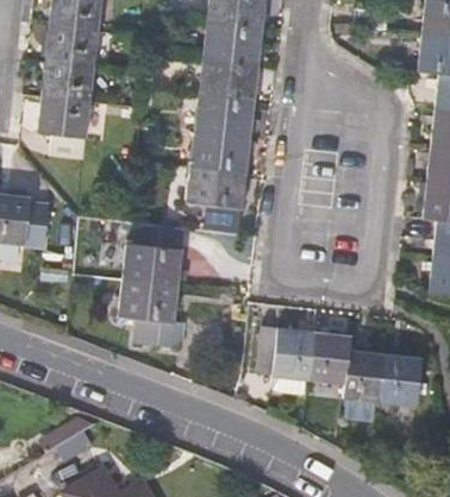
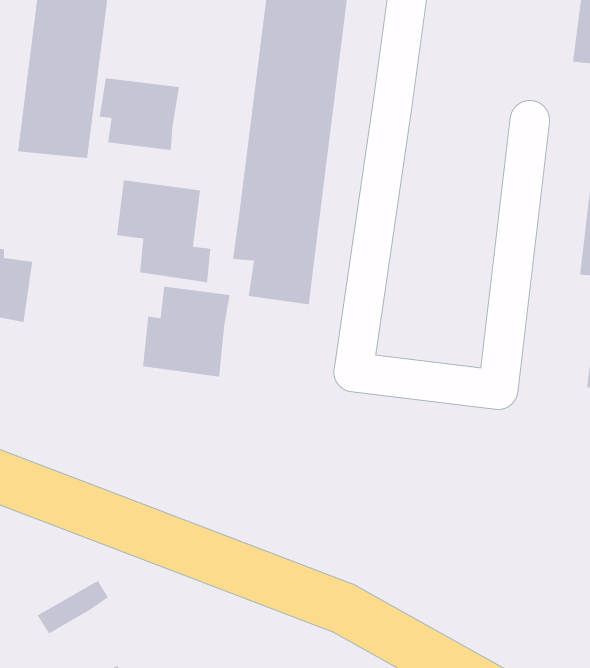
building: none -> [99,78,180,151]
building: [120,278,185,348] -> [116,179,211,283]
building: [254,320,419,403] -> none

